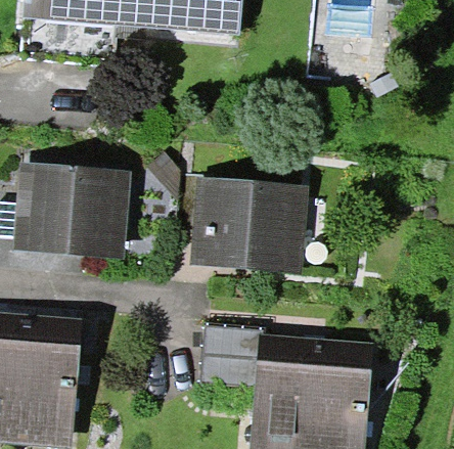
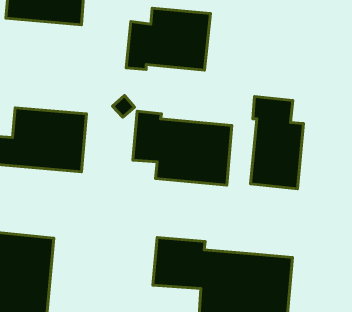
building: none -> [126,8,210,70]
building: none -> [251,96,304,189]

